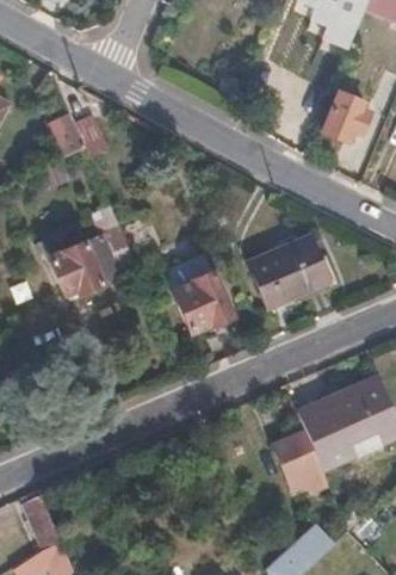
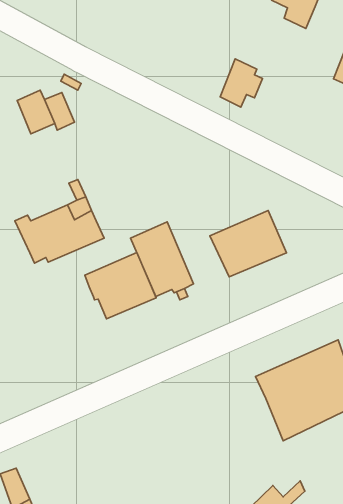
building: [323,93,367,143] -> [220,59,263,107]
building: none -> [85,253,156,319]
building: [272,434,324,493] -> none

